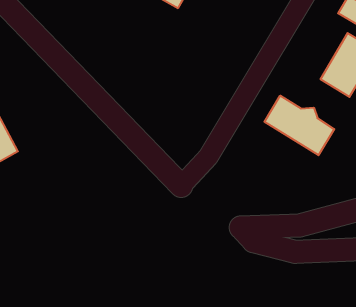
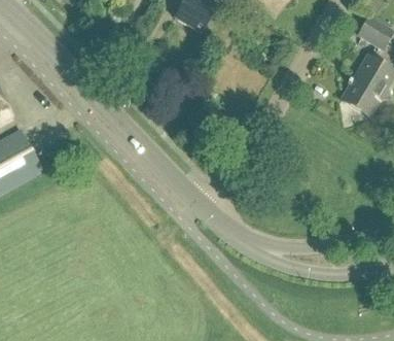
building: [264,96,334,155] -> none

